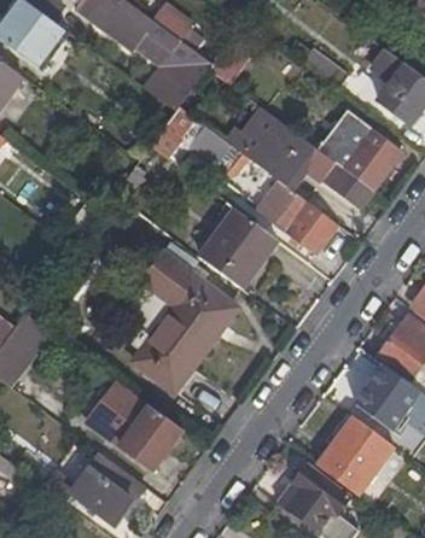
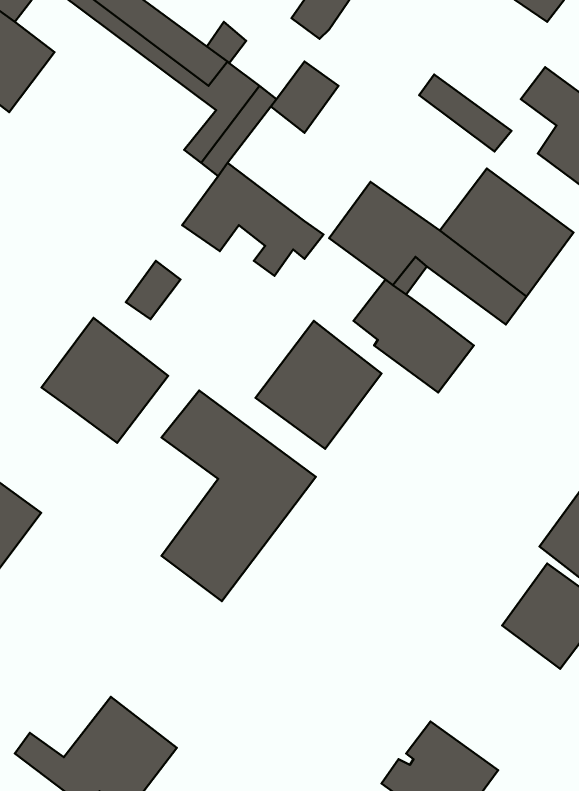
building: none -> [41,318,168,443]
building: [95,381,184,467] -> none
building: [314,414,392,495] -> none

